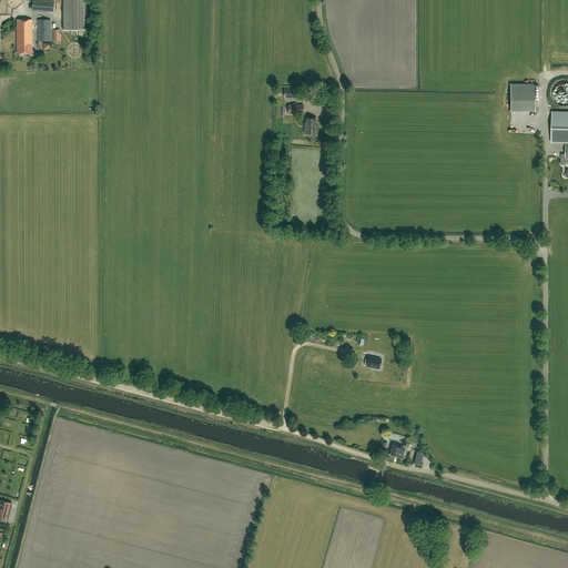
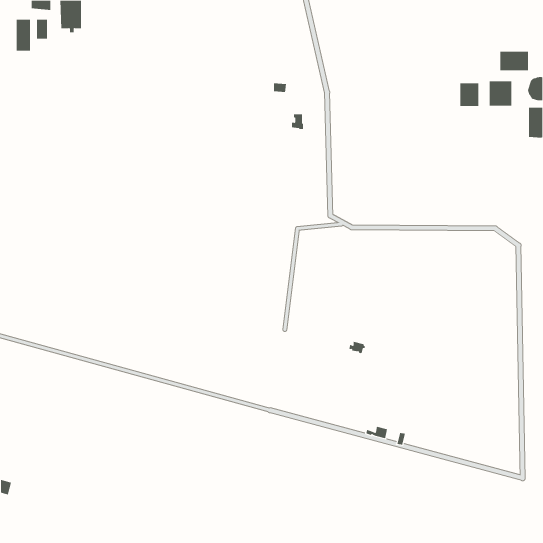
building: none -> [500,51,529,71]
building: none -> [460,82,479,107]

